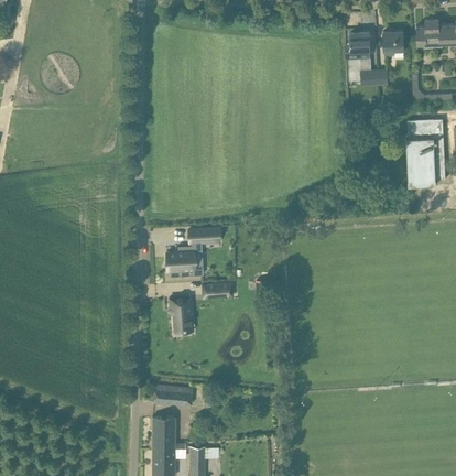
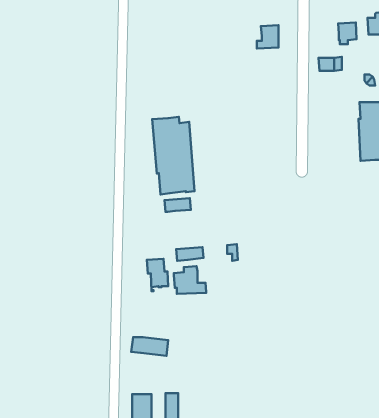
building: [346,32,370,58] -> [257,25,278,49]
building: none -> [152,117,194,195]
building: [166,246,203,277] -> [174,266,206,294]
building: [152,416,174,448] -> none

